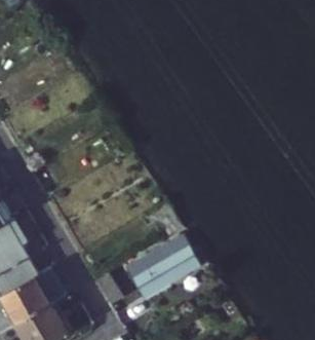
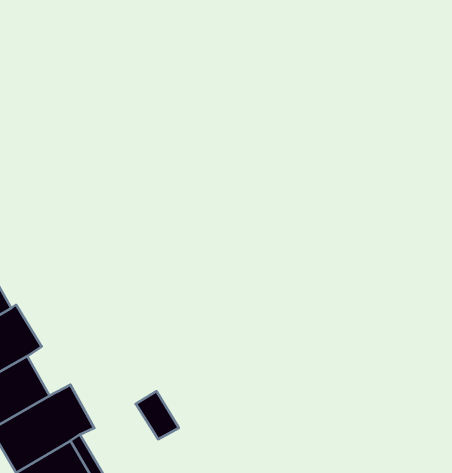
building: [122,239,191,297] -> none

